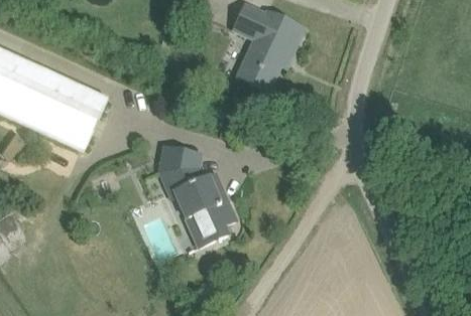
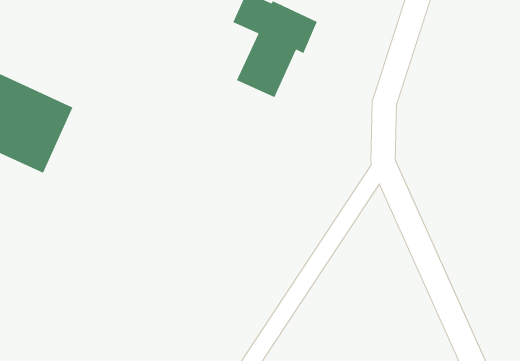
building: [164,149,235,247] -> none

